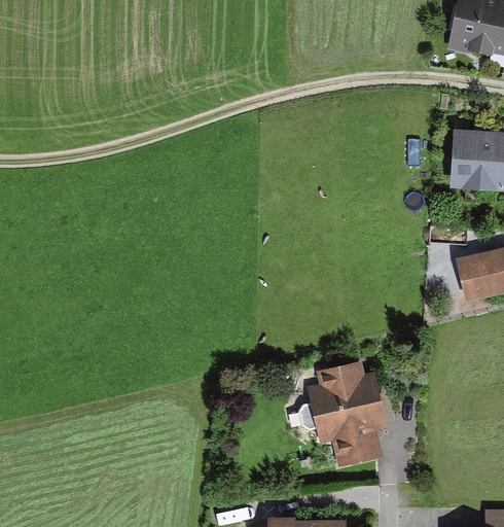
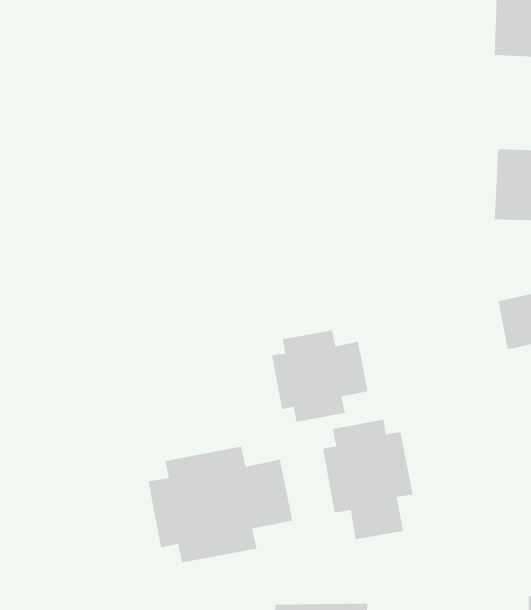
building: none -> [272,329,368,423]
building: none -> [148,446,293,563]

